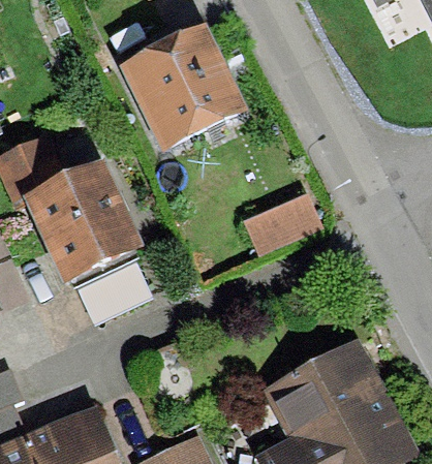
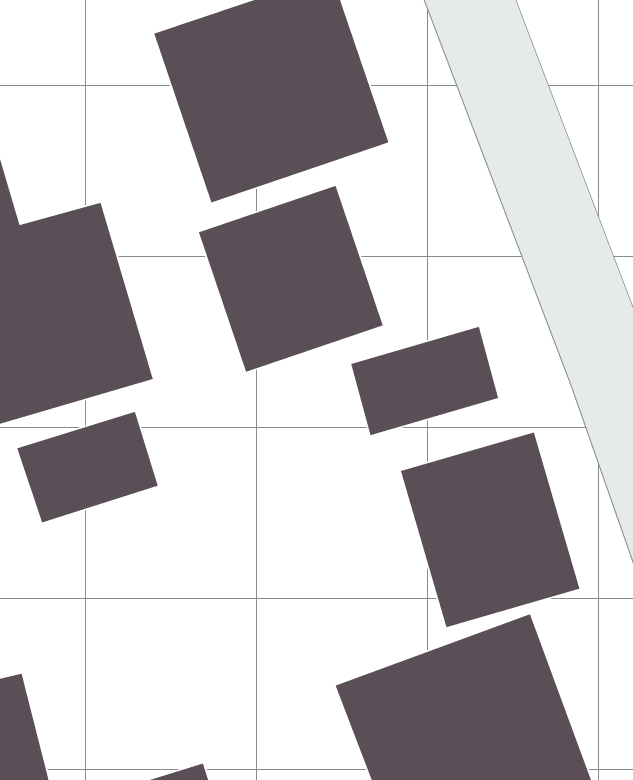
building: none -> [198,185,384,373]
building: none -> [400,431,580,628]

